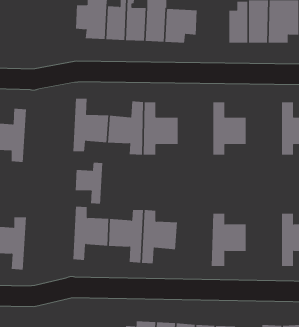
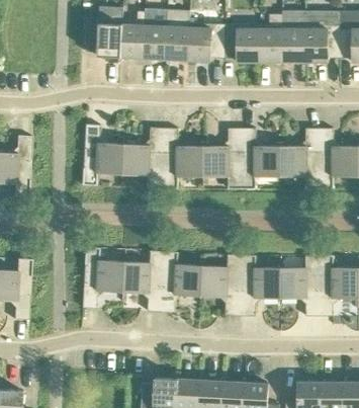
building: none -> [223,24,260,62]
building: none -> [203,129,242,189]
building: none -> [280,129,320,189]
building: [75,162,103,204] -> none
building: none -> [200,255,242,316]
building: none -> [280,255,320,316]

